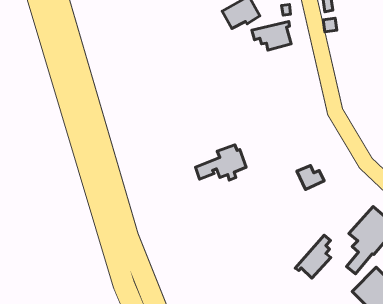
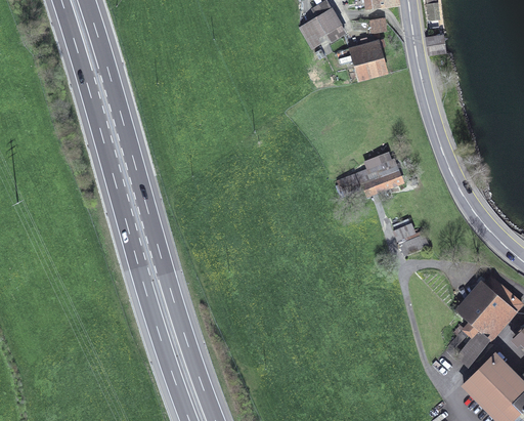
building: [196,145,246,180] -> [337,152,401,197]
building: [295,235,331,278] -> none

